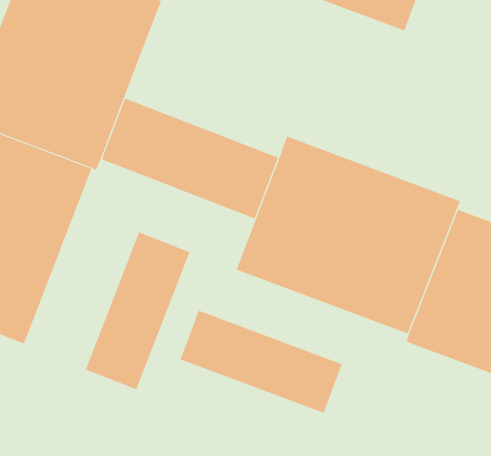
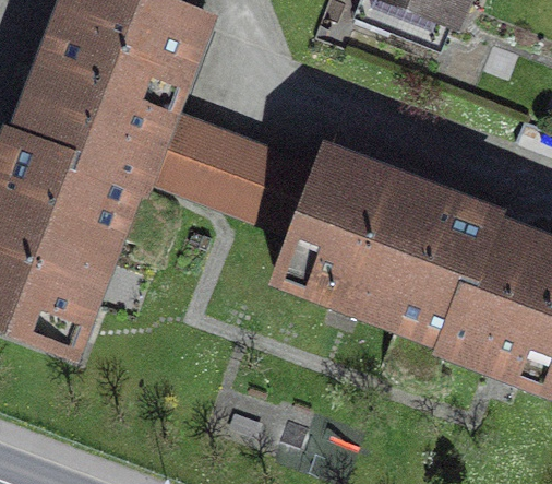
building: [85,232,190,390] -> none
building: [180,310,343,414] -> none

